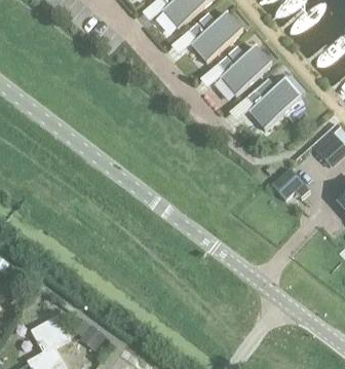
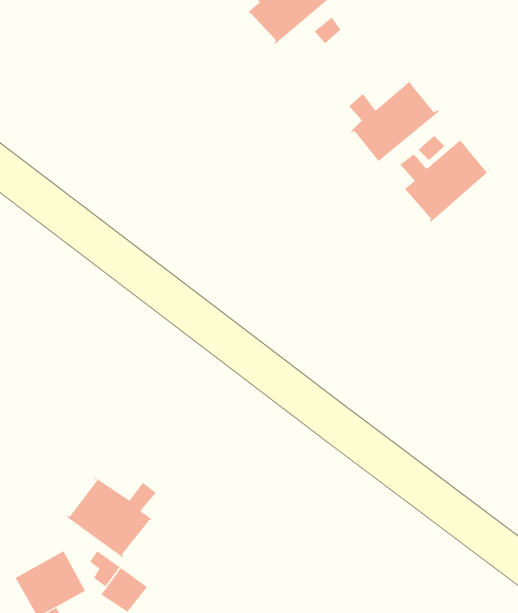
building: [190,12,240,61] -> none
building: [272,165,304,197] -> none
building: none -> [66,477,157,558]

